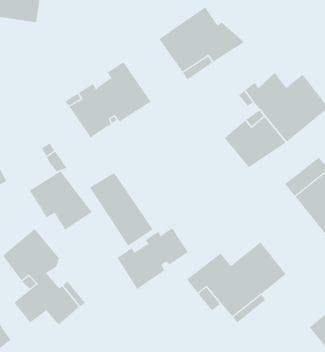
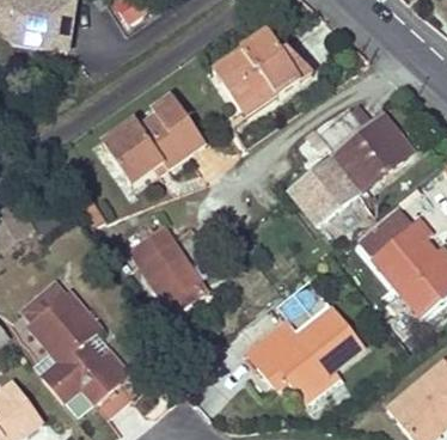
building: [29,170,93,231] -> none
building: [117,227,189,290] -> none

